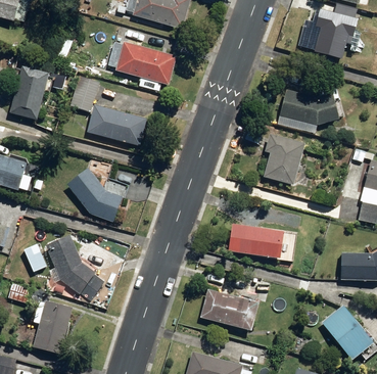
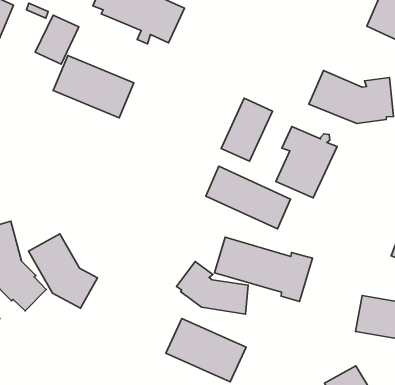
building: none -> [221,98,273,161]
building: [67,169,122,222] -> [29,234,97,308]
building: none -> [206,166,290,229]
building: none -> [177,262,248,314]

